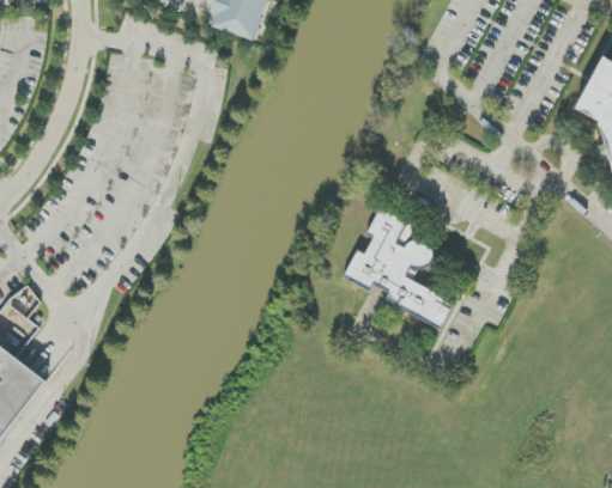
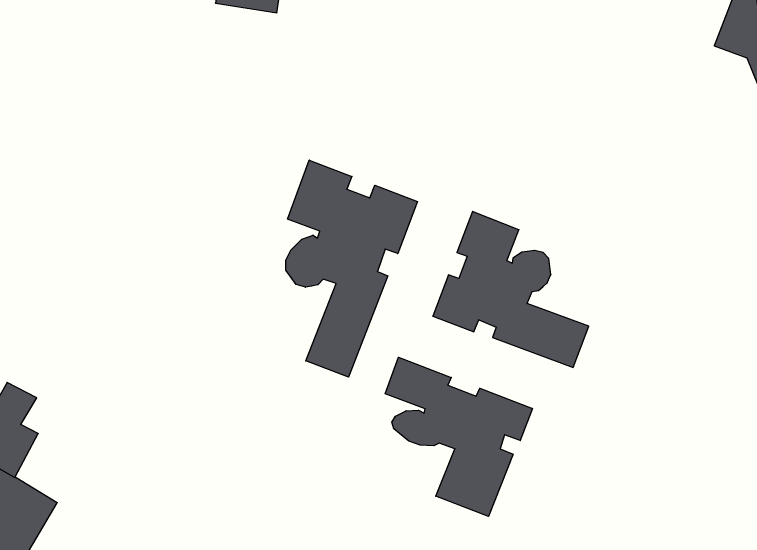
building: none -> [286,160,418,377]
building: none -> [385,357,532,516]

